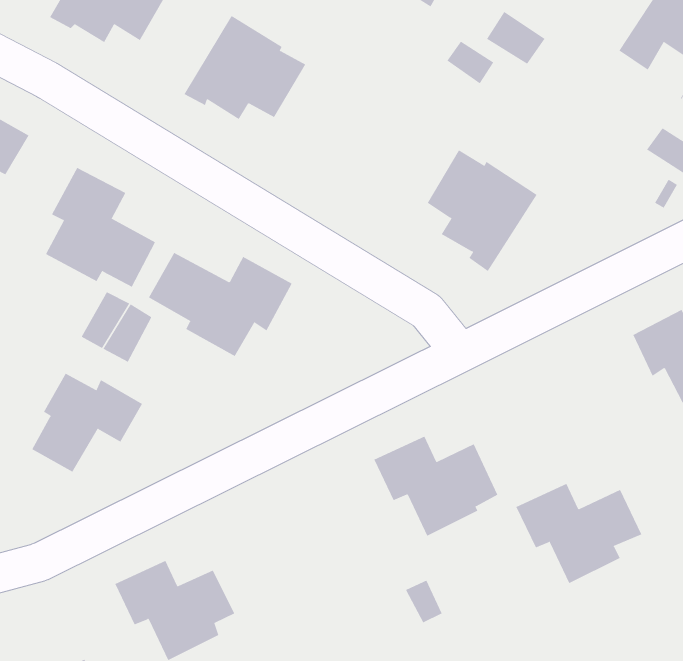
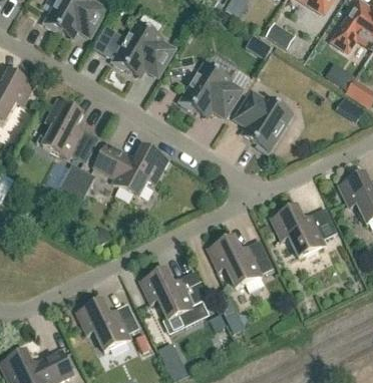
building: none -> [92,25,122,56]
building: none -> [178,62,241,115]
building: [32,373,143,472] -> none
building: [516,483,642,584] -> [271,205,335,256]
building: none -> [140,268,208,326]

